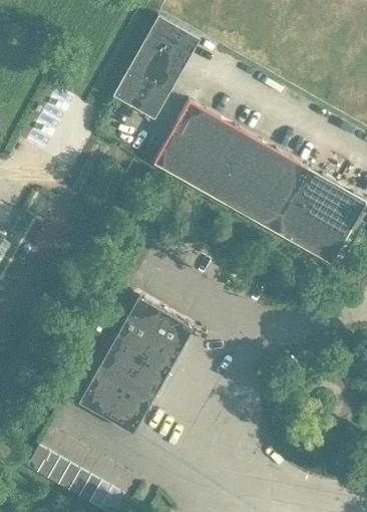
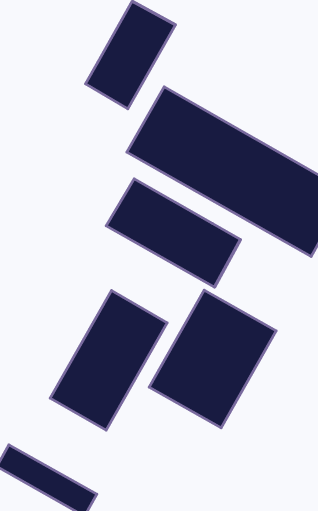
building: none -> [106,179,241,287]
building: none -> [149,290,276,428]

